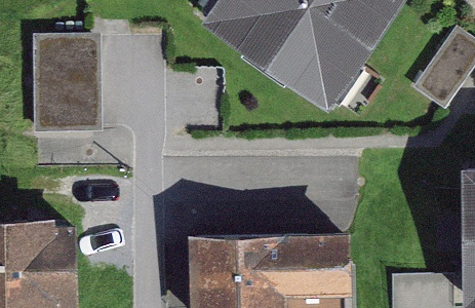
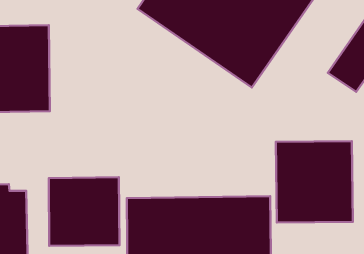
building: none -> [276,141,353,222]
building: none -> [49,177,120,246]

